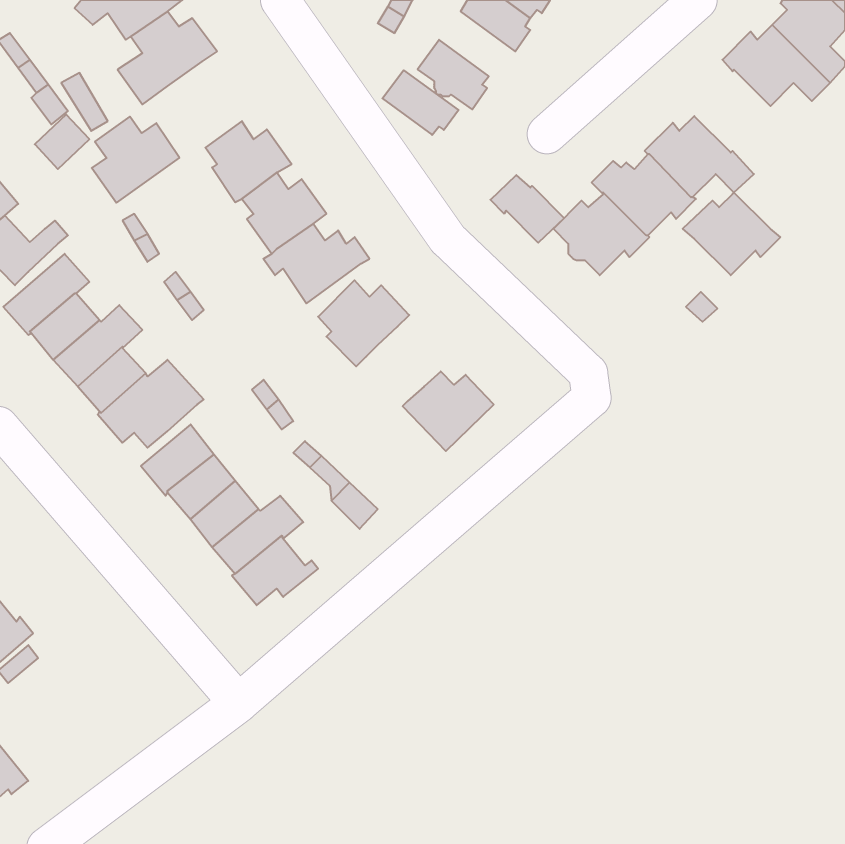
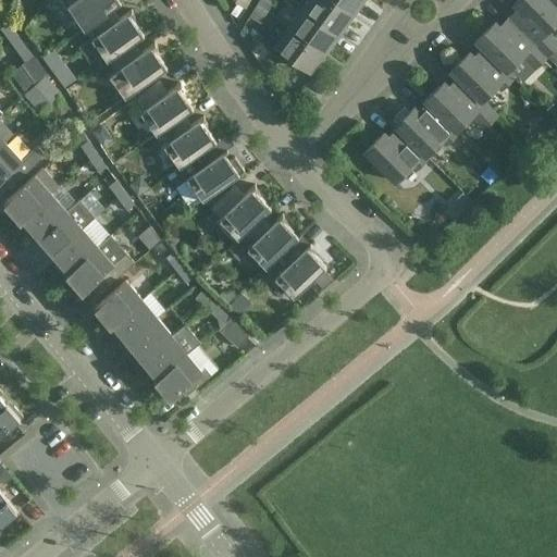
building: [382,70,459,135] -> [288,10,338,52]
building: [92,117,179,203] -> [108,42,165,99]
building: [490,175,564,243] -> none
building: [683,192,780,275] -> [448,48,512,102]
building: none -> [240,216,297,269]

